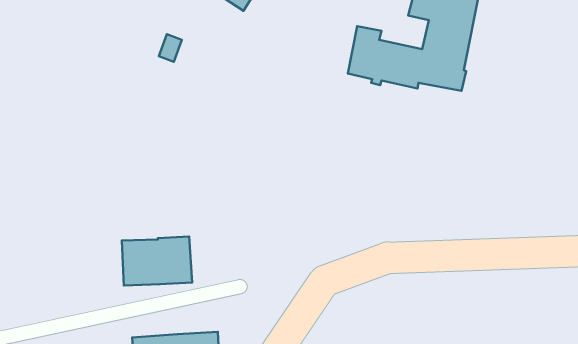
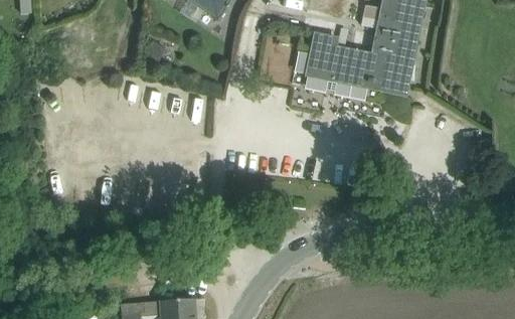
building: [122,237,192,285] -> none

